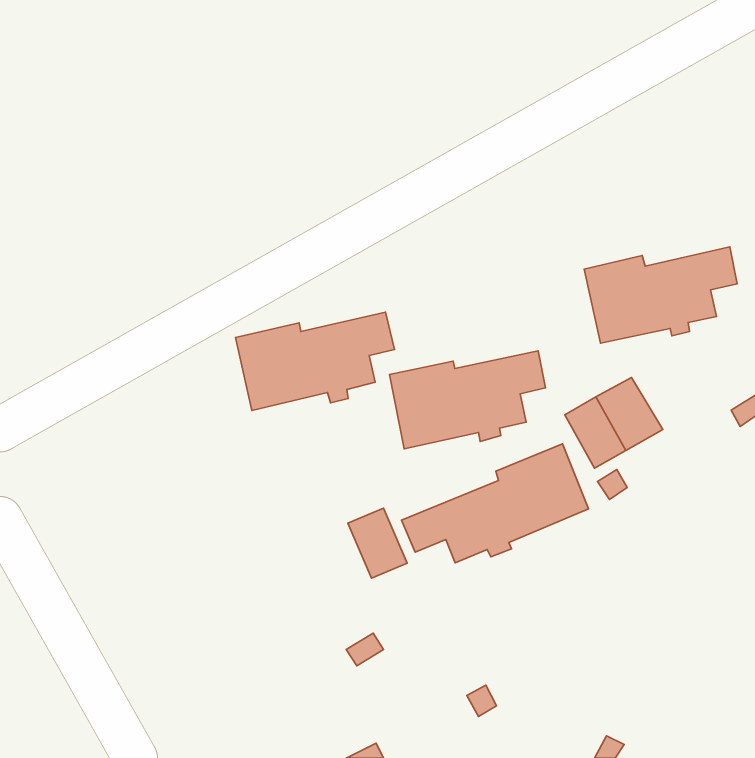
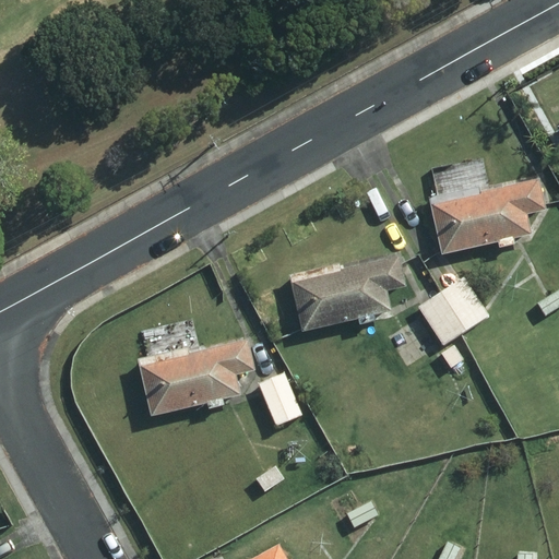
building: [235,312,394,410] -> [136,342,253,414]
building: [401,444,588,563] -> none

